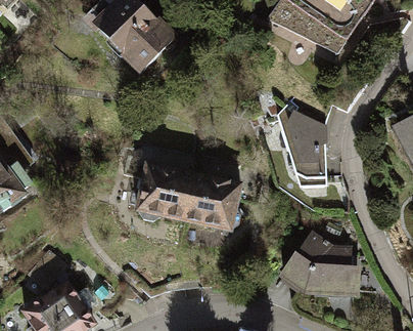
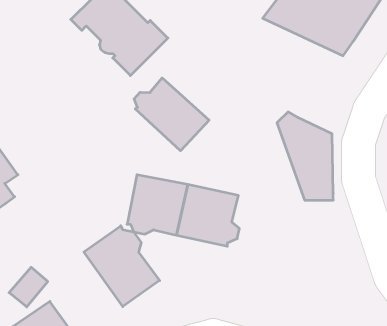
building: none -> [134,78,209,151]
building: none -> [84,226,160,307]
building: [280,233,362,298] -> none

